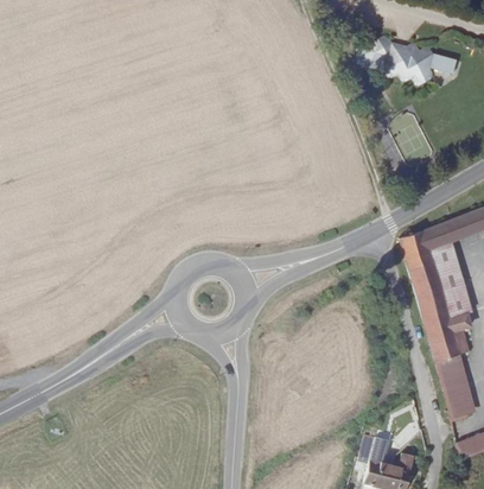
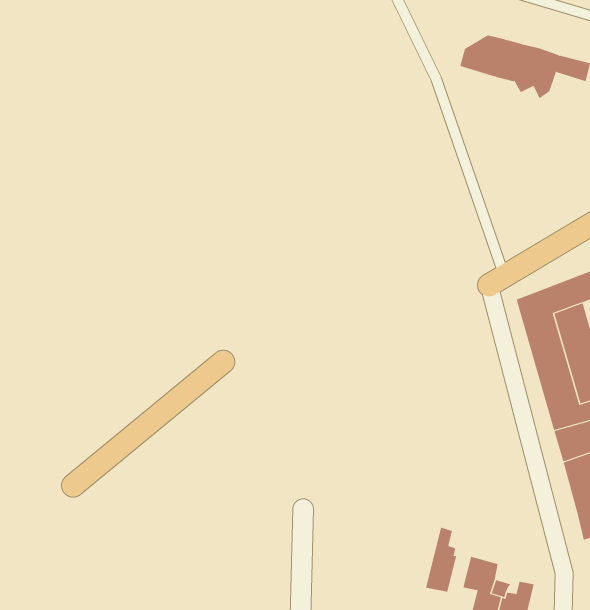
building: none -> [426,527,457,593]

